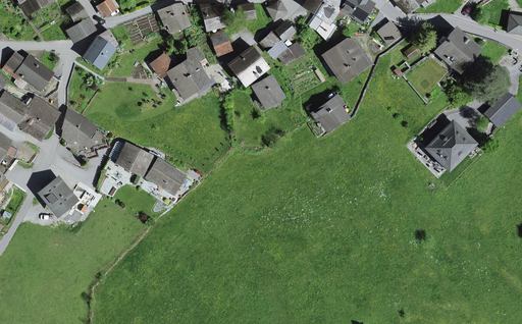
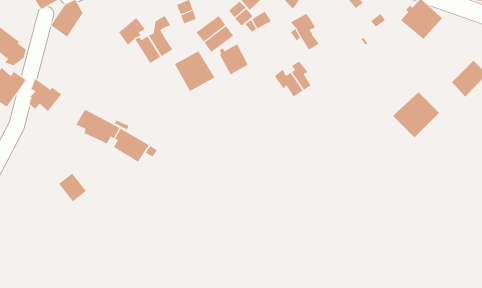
building: [341,40,371,75] -> none
building: none -> [174,51,215,92]
building: [44,182,72,212] -> [58,173,87,202]

